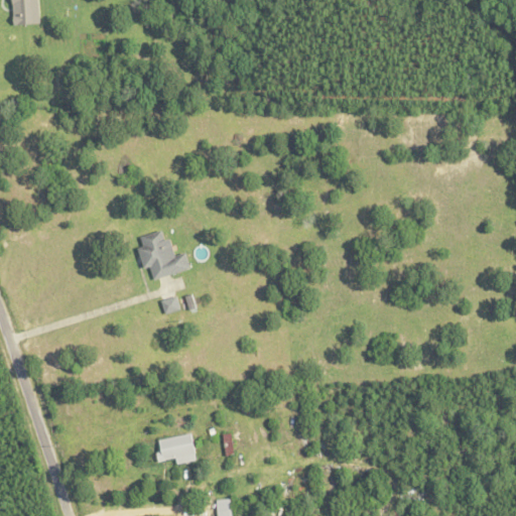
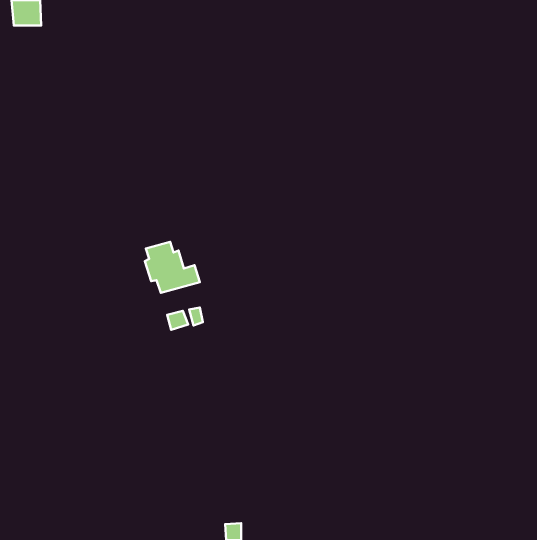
building: [154,432,198,465] -> none

